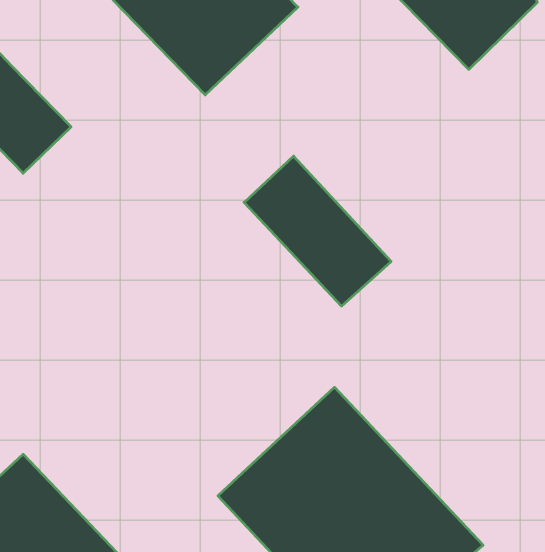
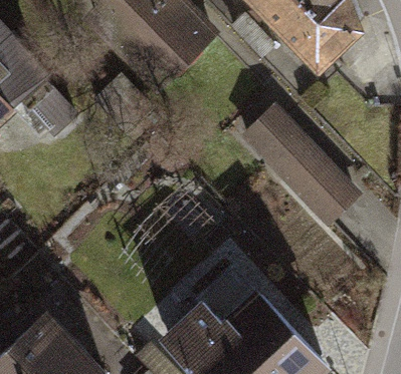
building: [244,156,391,306] -> [265,127,358,222]

